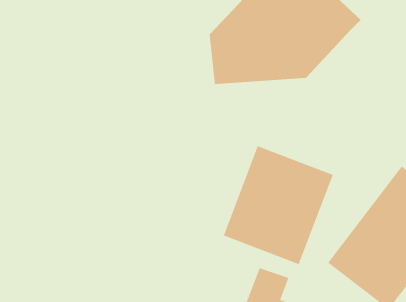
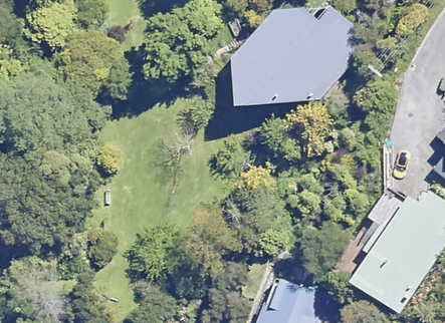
building: [223,145,334,265] -> none

